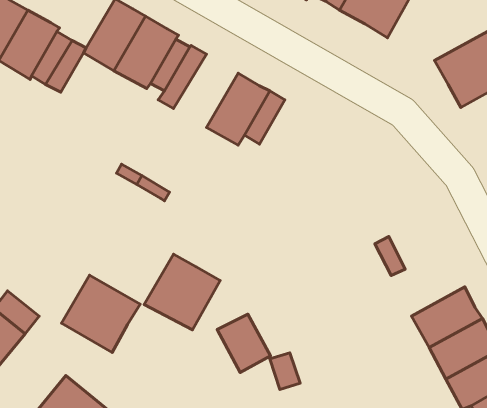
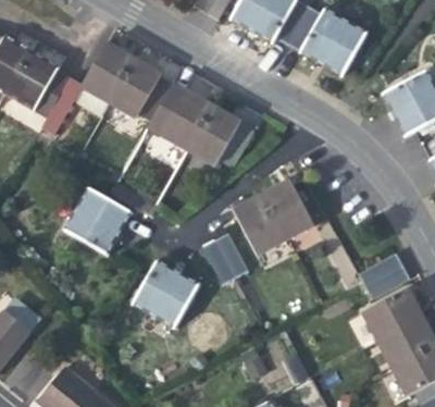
building: none -> [158,89,213,152]
building: none -> [233,180,314,256]
building: none -> [359,252,410,298]
building: [62,275,140,352] -> [64,188,132,255]
building: [217,314,270,372] -> [202,234,248,284]

